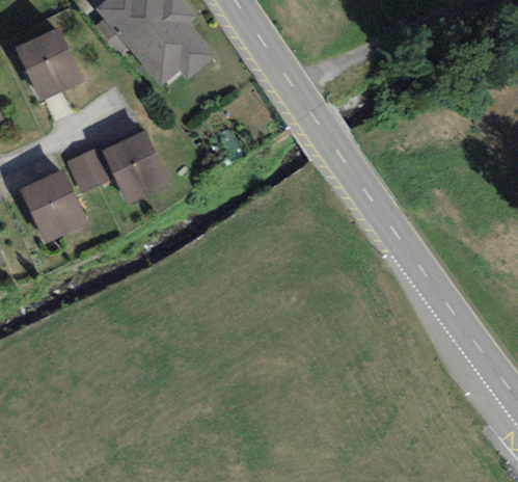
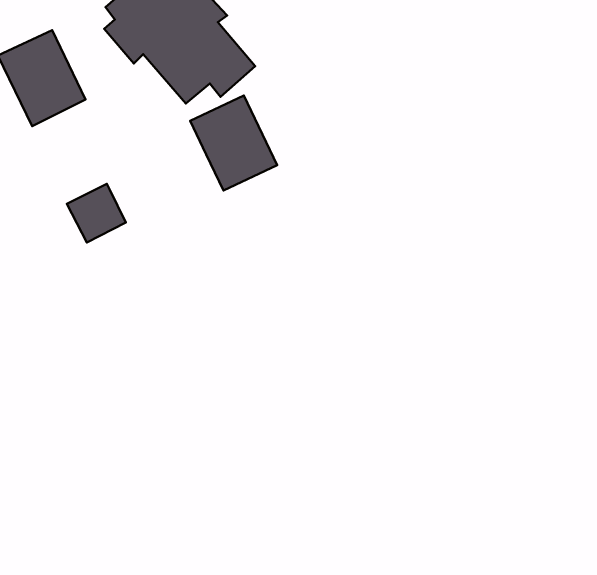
building: [102,130,169,204] -> [190,96,277,190]
building: [21,169,87,242] -> none

